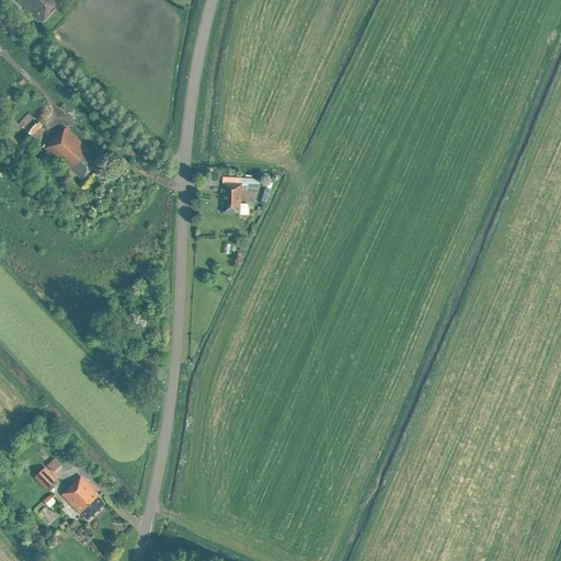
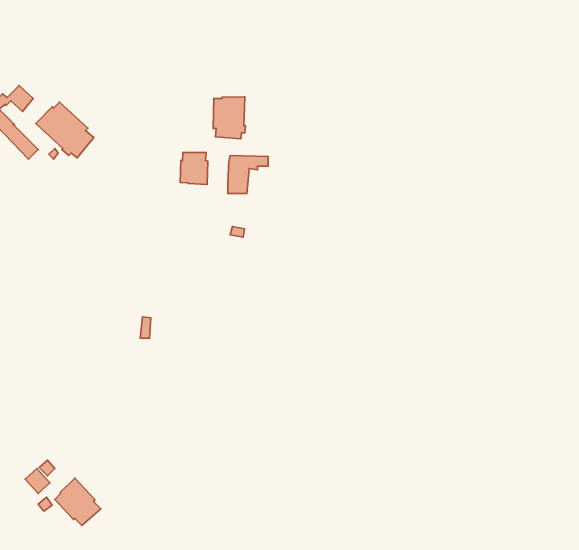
building: none -> [213,97,246,139]
building: none -> [180,152,208,185]

